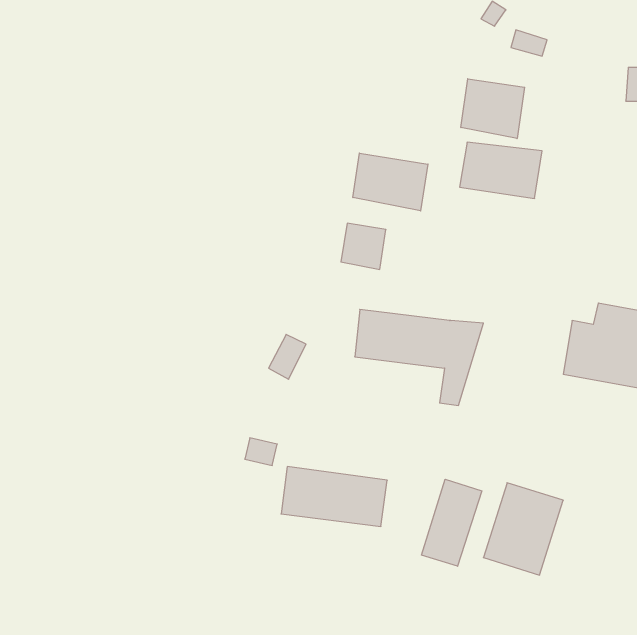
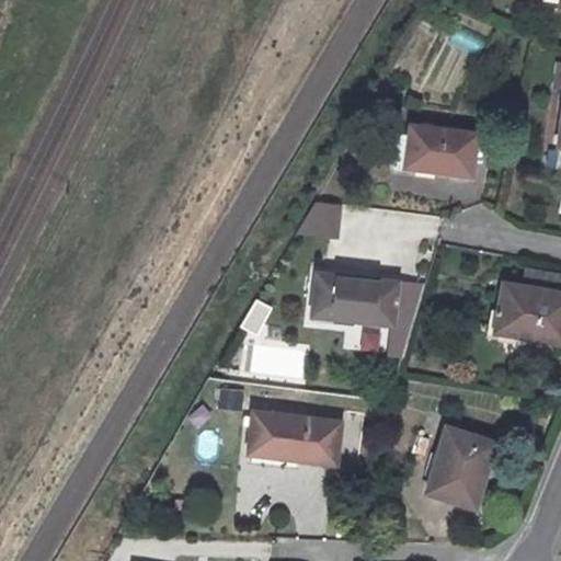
building: [461,79,525,139] -> none
building: [353,153,428,211] -> none
building: [422,479,482,566] -> none

